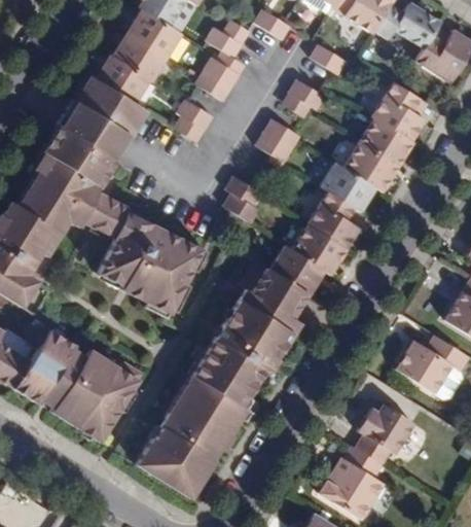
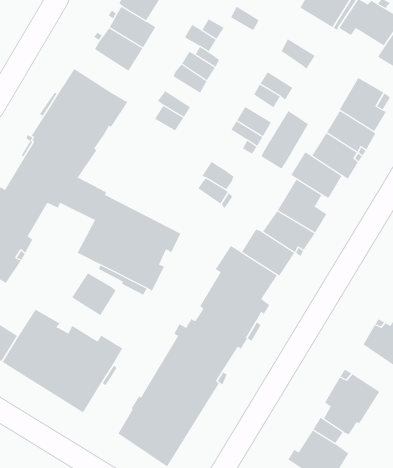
building: [93,51,147,101] -> none
building: none -> [260,110,309,169]
building: none -> [71,273,116,316]

